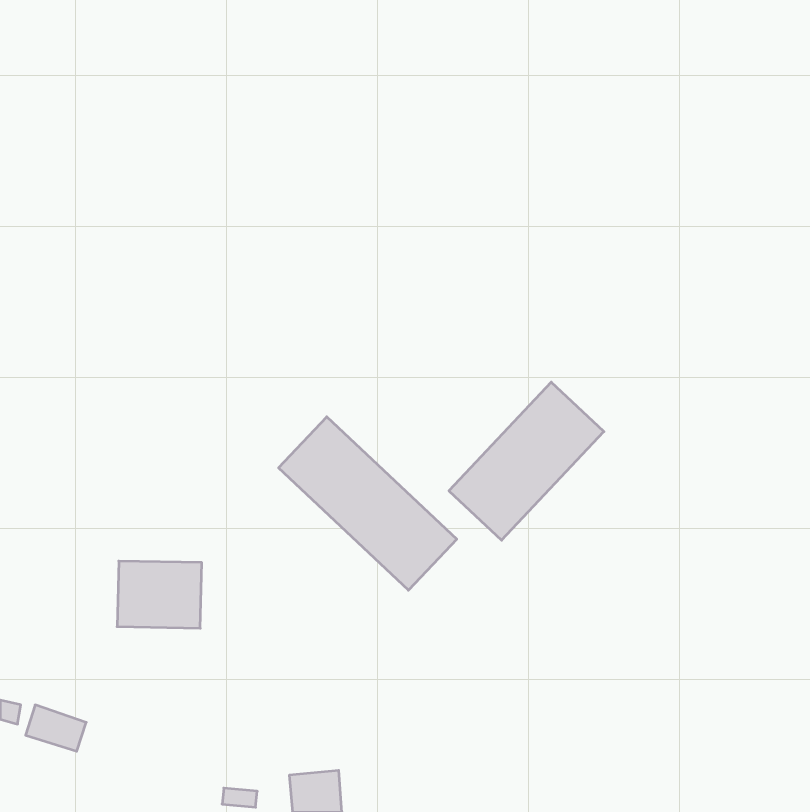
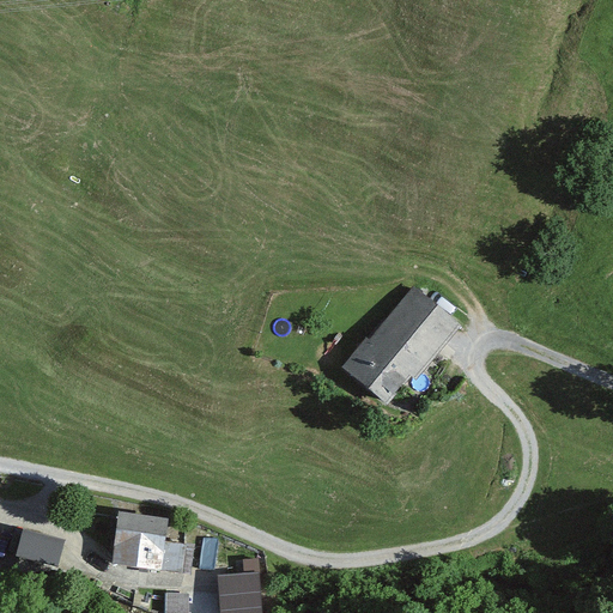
building: [279,417,457,590] -> none
building: [117,561,202,628] -> [105,517,169,568]

